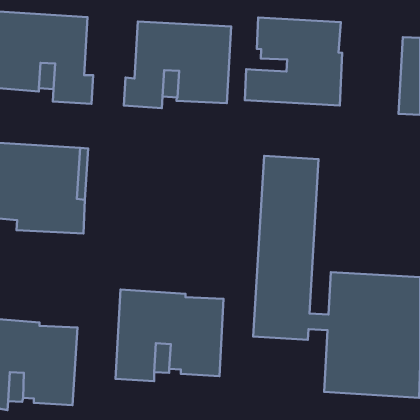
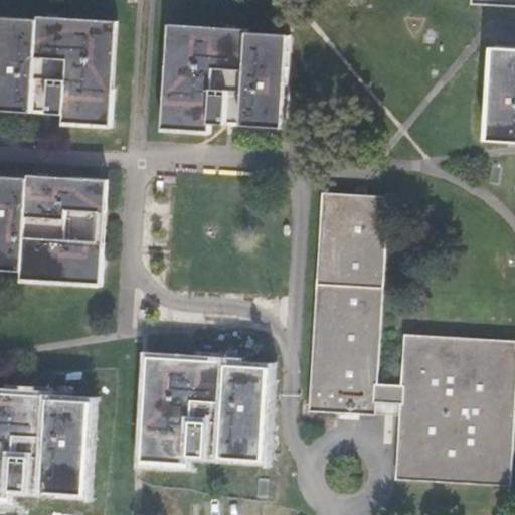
building: [245,17,342,105] -> none

